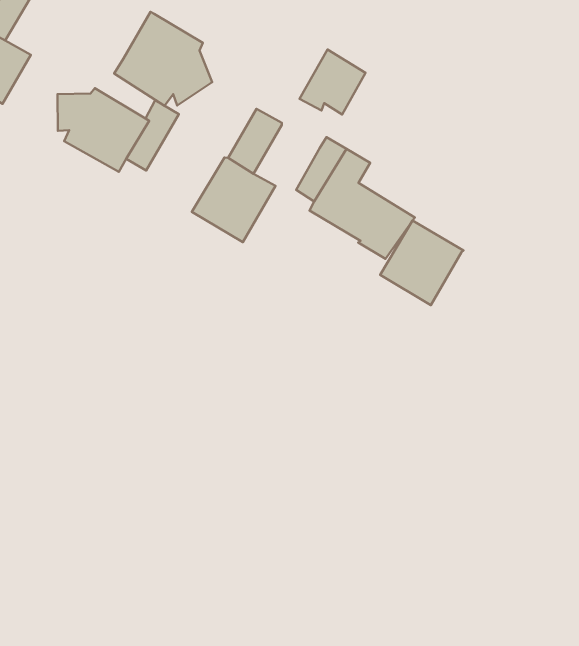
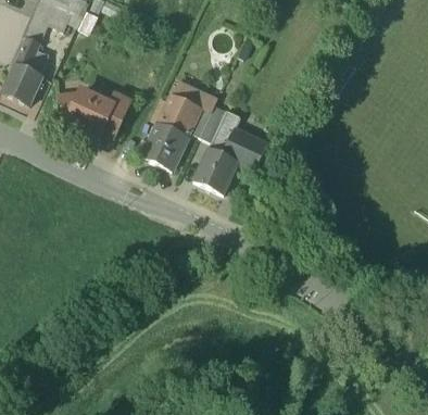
building: [114,12,212,106] -> none
building: [299,50,366,115] -> [175,100,211,136]
building: [380,220,463,305] -> [193,147,239,193]

